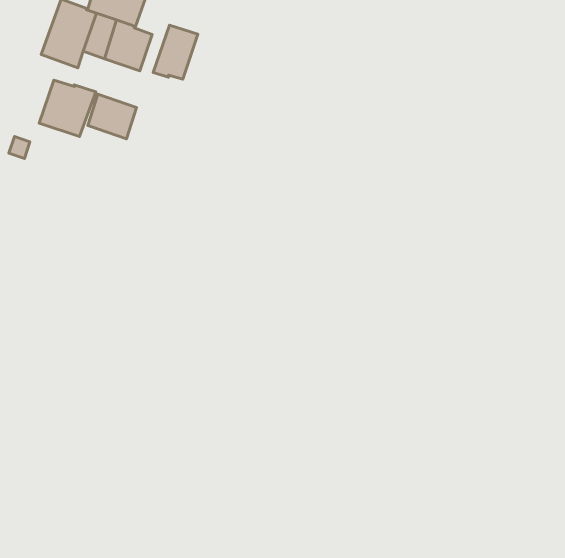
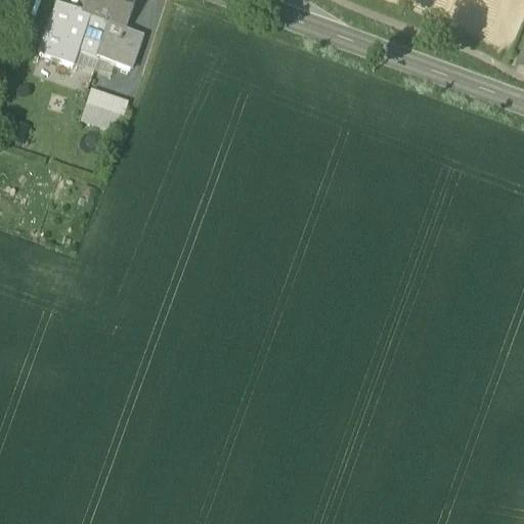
building: [153,25,198,79] -> none
building: [39,80,96,137] -> none

